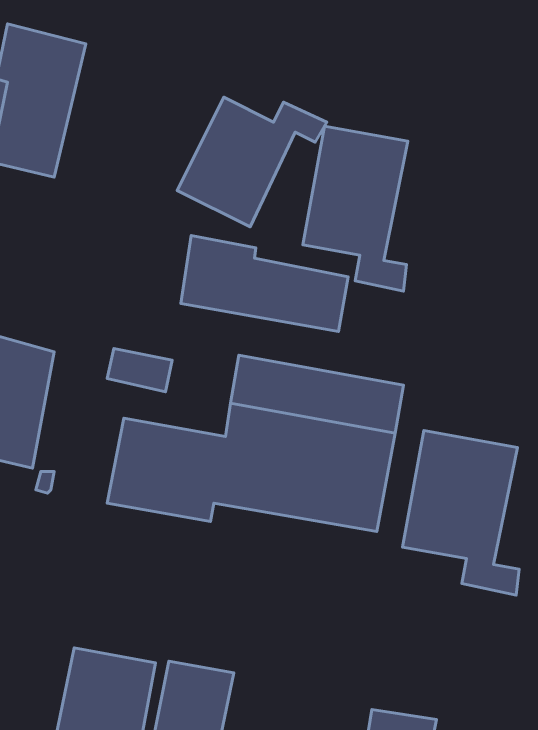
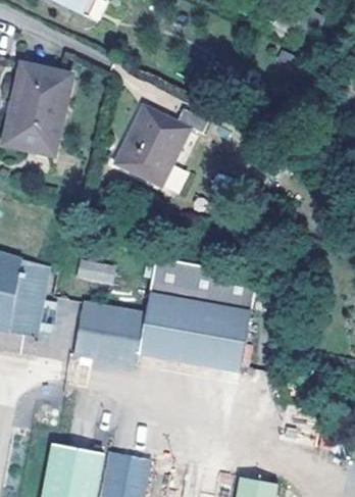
building: [303,126,408,291] -> none
building: [181,235,348,332] -> none
building: [402,430,519,595] -> none

